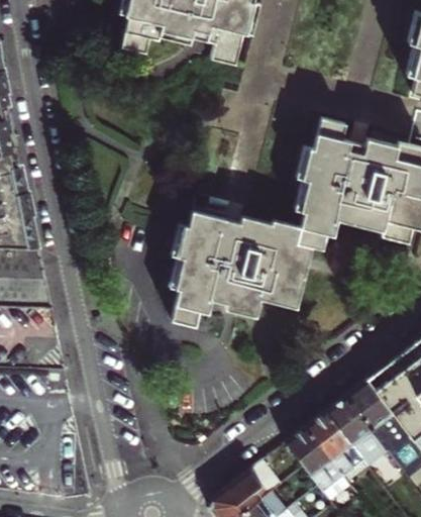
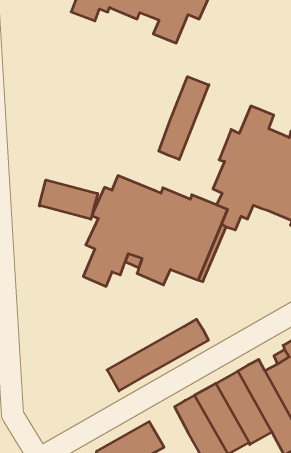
building: none -> [159,77,209,160]
building: none -> [39,180,98,219]
building: none -> [107,319,208,391]

